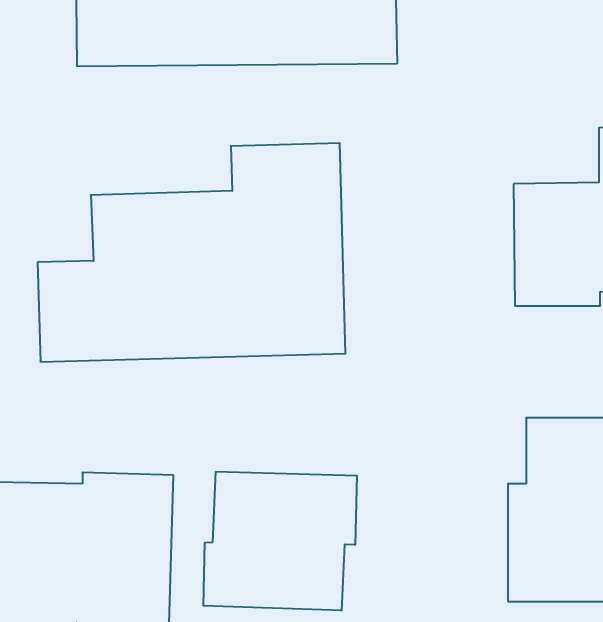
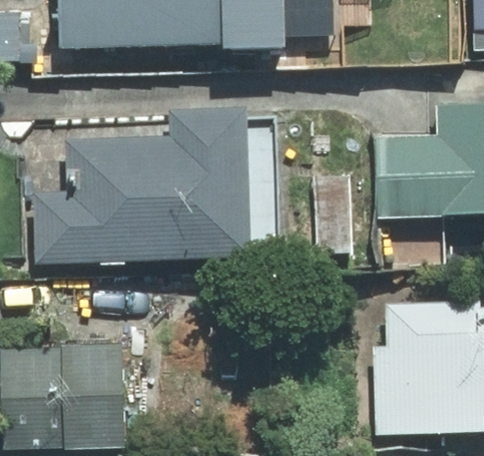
building: [203,472,357,611] -> none

